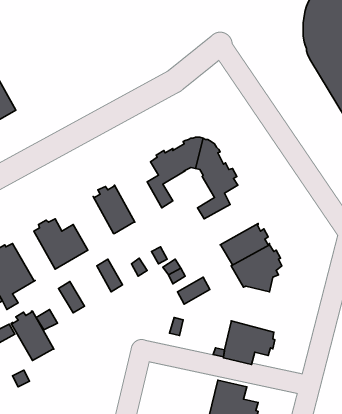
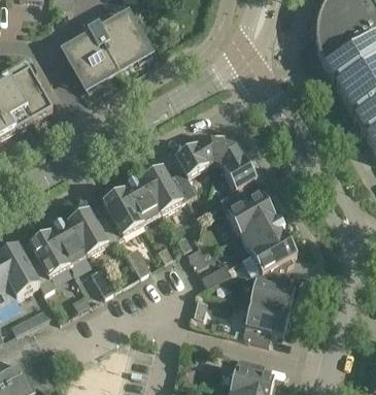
building: none -> [62,13,146,85]
building: none -> [141,167,185,213]
building: none -> [102,189,142,238]
building: none -> [225,194,274,234]
building: none -> [249,271,295,314]
building: [11,311,54,360] -> [48,221,88,266]

